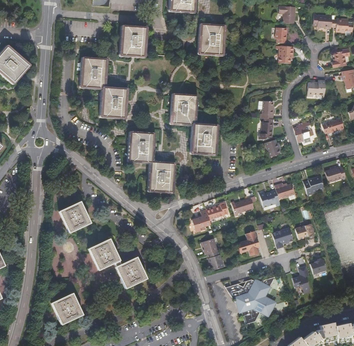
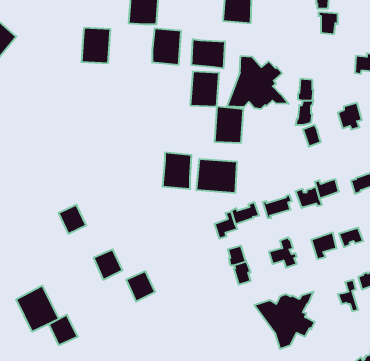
building: none -> [192,39,225,68]
building: none -> [227,56,289,109]
building: [101,87,125,117] -> [152,28,181,65]
building: [128,131,153,161] -> none
building: none -> [197,159,237,193]
building: none -> [16,286,59,332]

